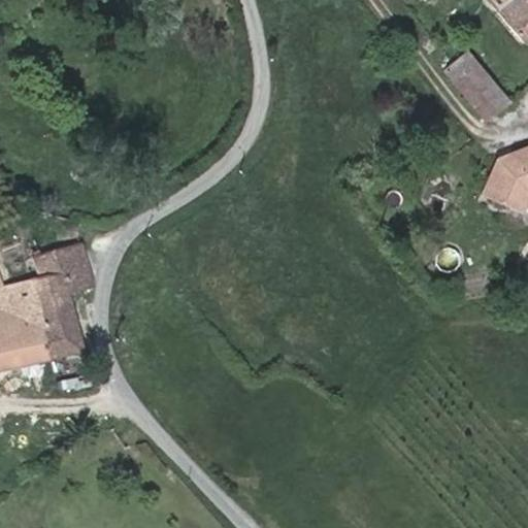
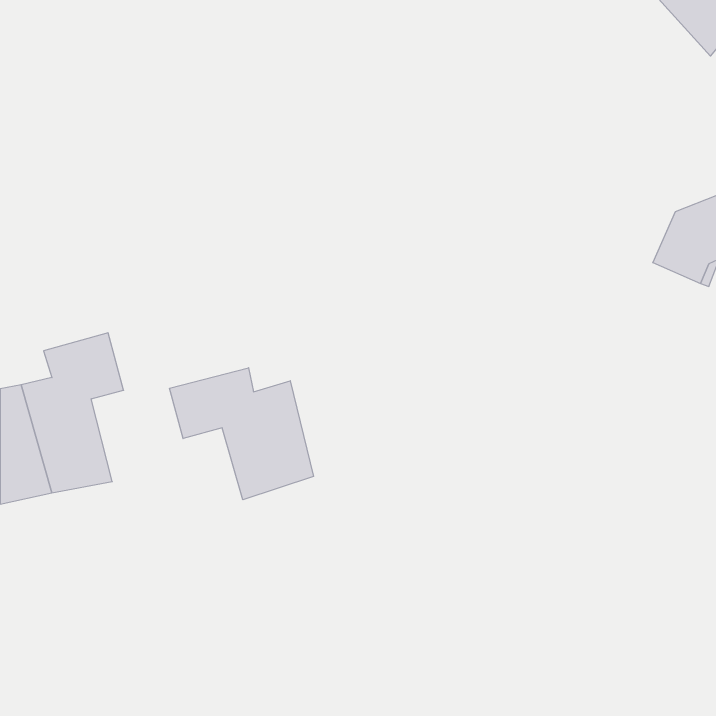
building: [443,48,508,119] -> none
building: none -> [170,368,314,500]

